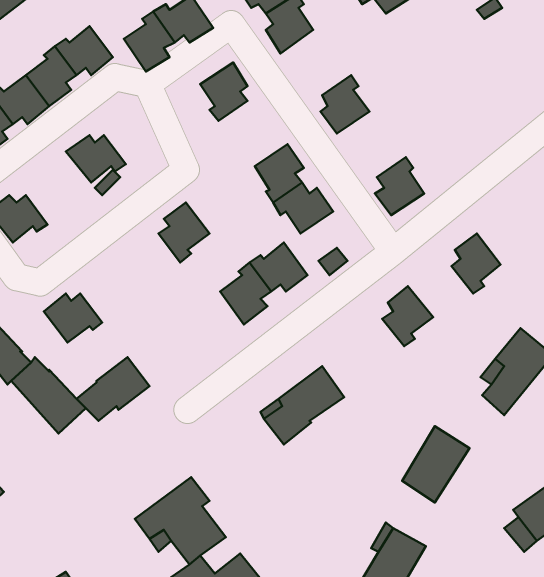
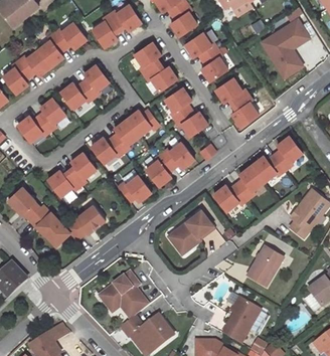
building: none -> [268,19,309,77]
building: none -> [185,33,218,60]
building: none -> [145,63,177,92]
building: none -> [81,64,110,99]
building: none -> [215,77,249,106]
building: none -> [38,98,66,132]
building: none -> [127,110,160,137]
building: none -> [92,137,124,164]
building: none -> [68,153,97,186]
building: none -> [253,155,286,181]
building: none -> [118,176,151,202]
building: none -> [214,184,248,210]

